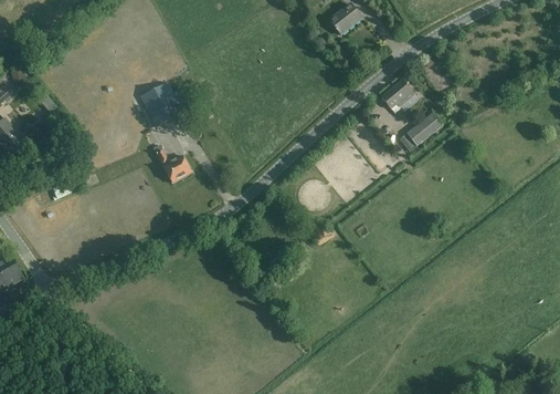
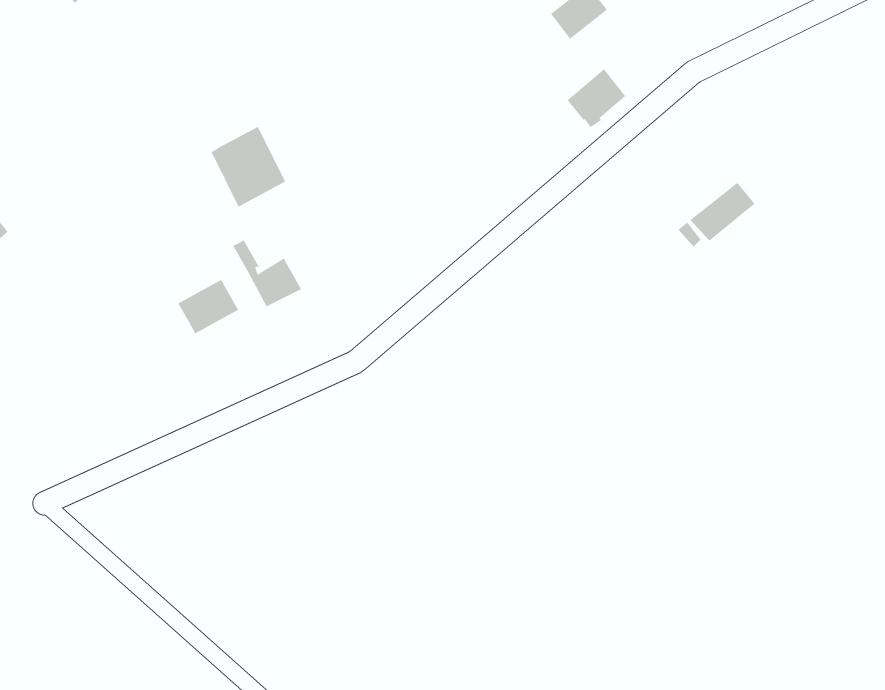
building: [381,79,414,112] -> [566,68,626,128]
building: none -> [177,279,239,334]

